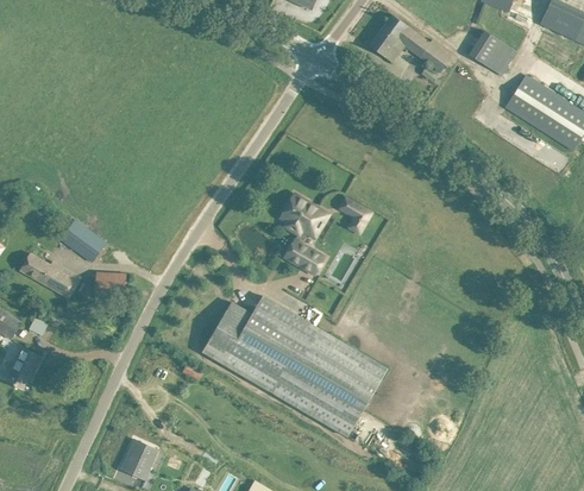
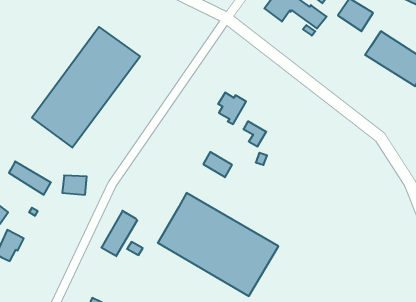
building: none -> [32,27,140,148]
building: [282,199,320,241] -> [218,93,246,124]
building: [55,216,105,262] -> none
building: [202,302,251,364] -> [101,211,137,256]

